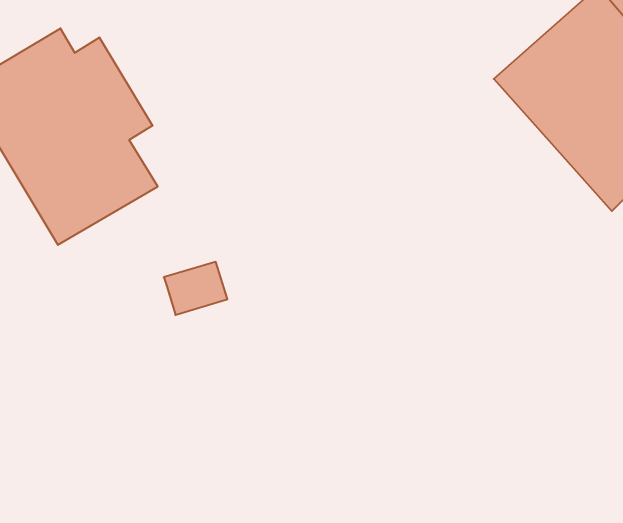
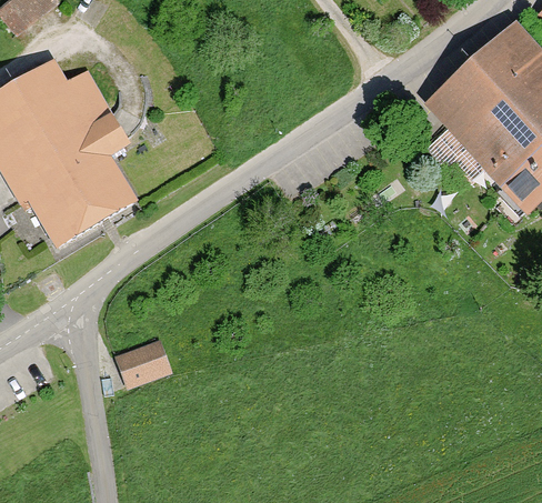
building: [164,262,227,315] -> [113,338,168,383]

